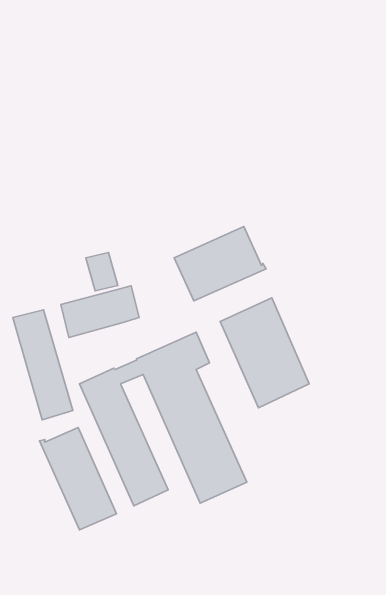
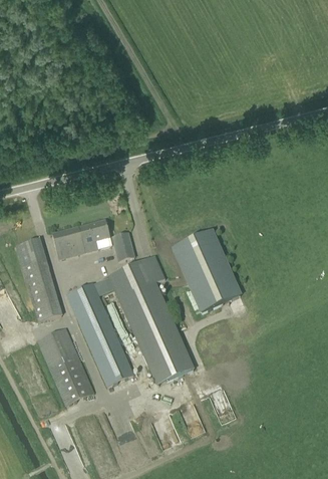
building: [174,227,266,301] -> none
building: [86,252,118,291] -> [111,231,135,260]

